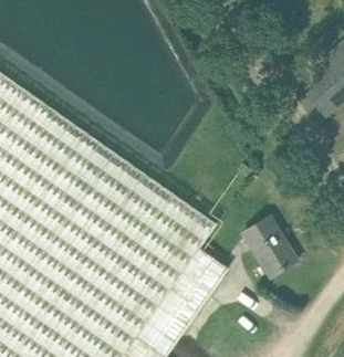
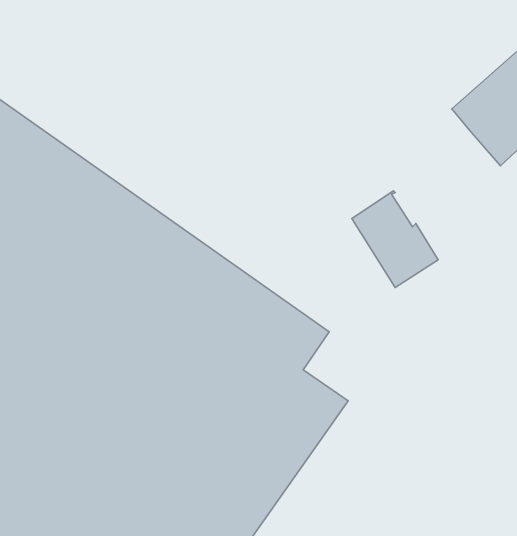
building: [242,216,298,277] -> [352,191,438,287]

